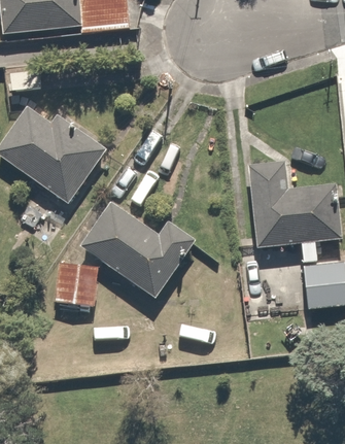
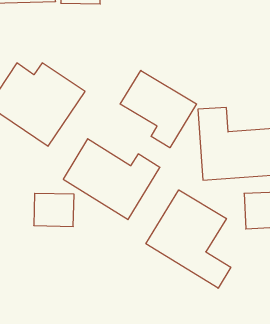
building: none -> [120,70,197,148]
building: none -> [146,190,231,288]

